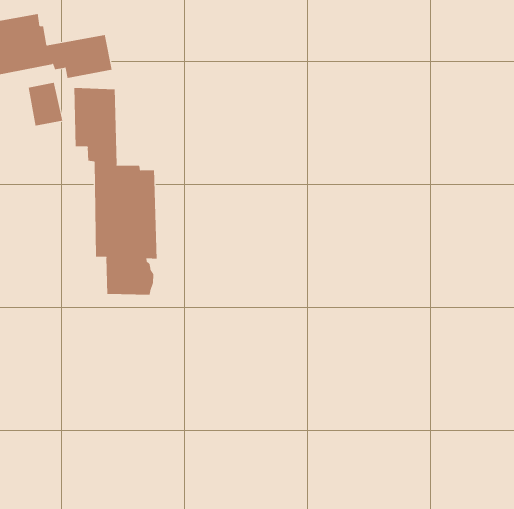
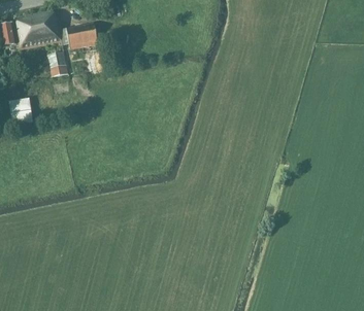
building: [74,87,157,296] -> none

